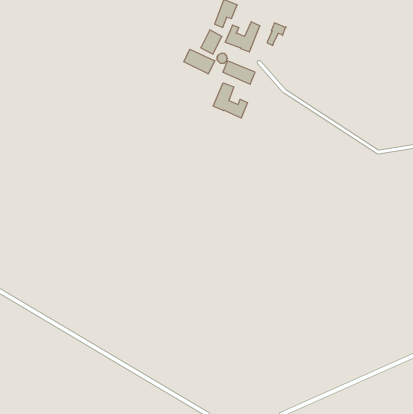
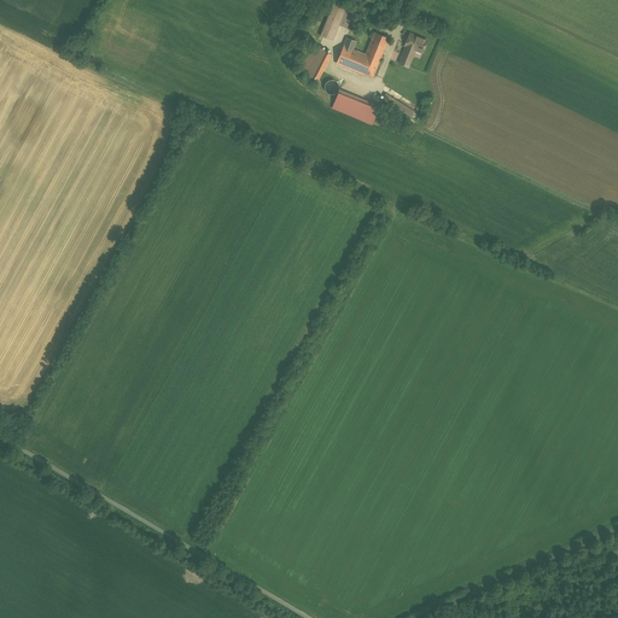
building: [184,49,215,74] -> none
building: [213,83,247,118] -> none

